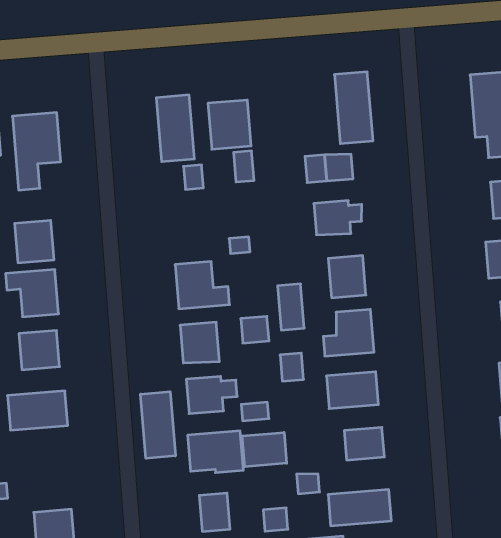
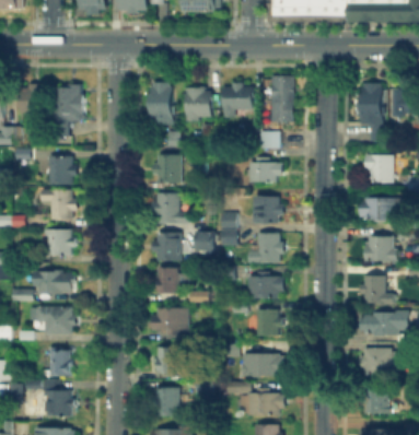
building: none -> [223,86,252,120]
building: none -> [154,157,181,184]
building: [141,392,175,458] -> none
building: [242,432,287,467] -> none
building: none -> [34,308,71,334]

